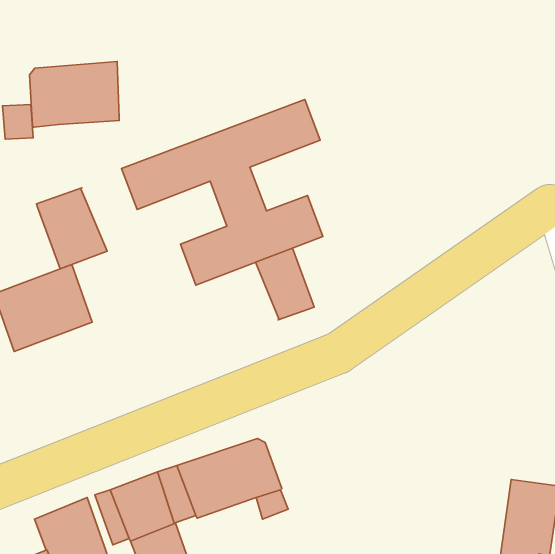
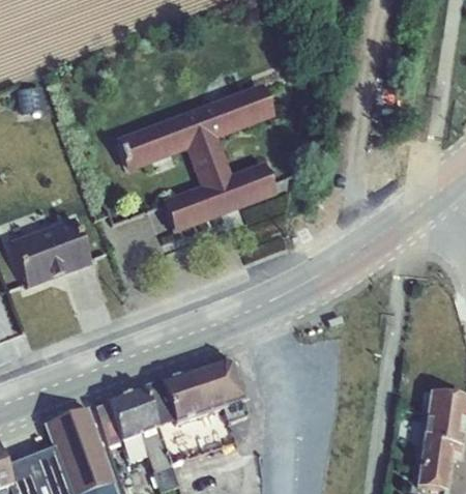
building: [29,61,119,127] -> none
building: [37,188,107,269] -> none
building: [255,248,314,320] -> none

